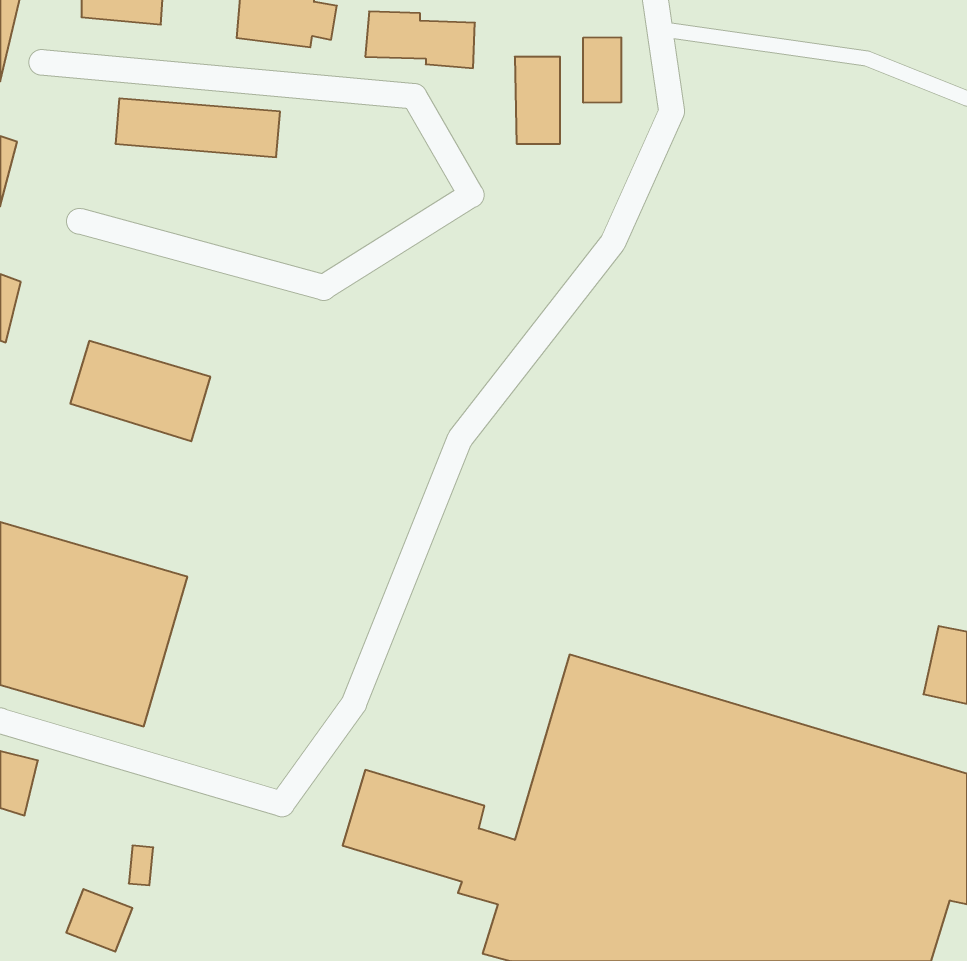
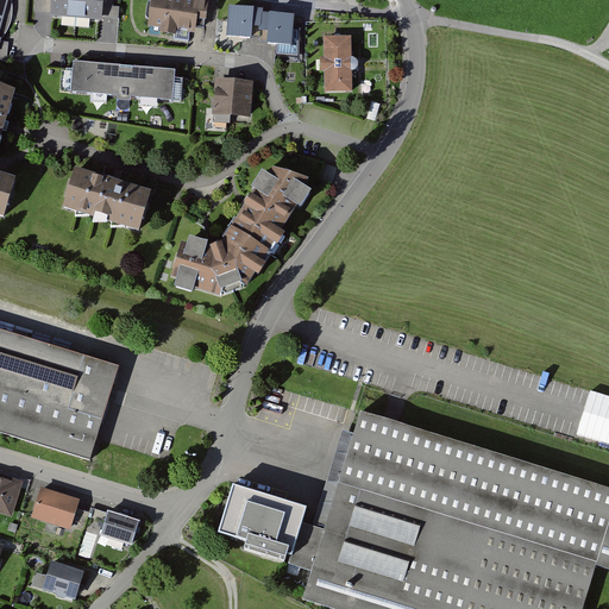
building: [583,37,621,103] -> none
building: none -> [214,77,253,117]
building: none -> [168,167,309,293]
building: [70,341,210,441] -> [61,167,149,230]
building: none -> [33,486,140,542]

